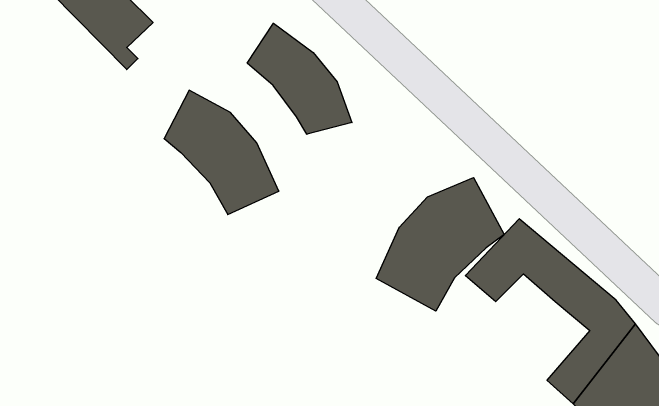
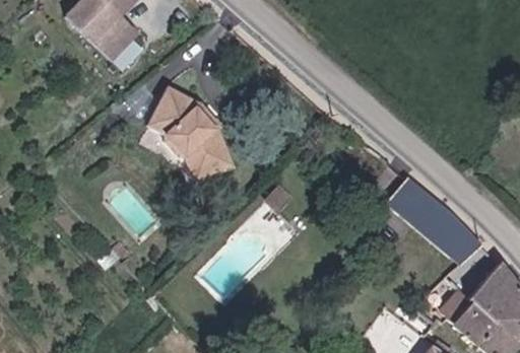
building: [247,23,352,134] -> none
building: [376,178,504,311] -> none

